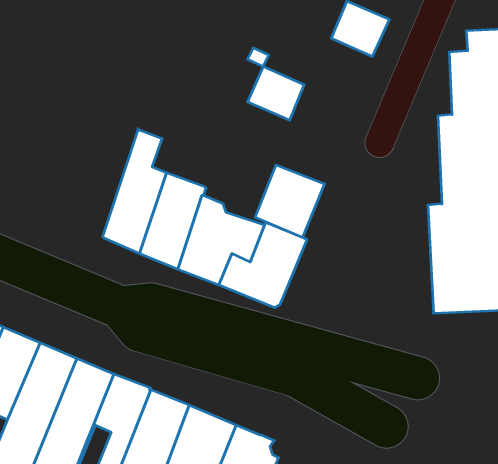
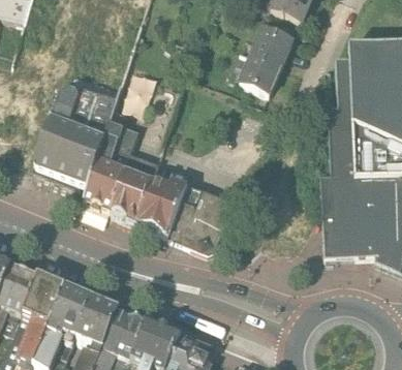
building: none -> [35,69,120,182]
building: [247,66,304,120] -> [238,50,279,89]
building: [255,165,325,237] -> none

